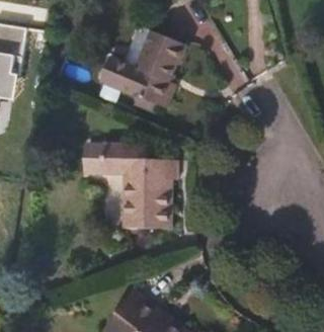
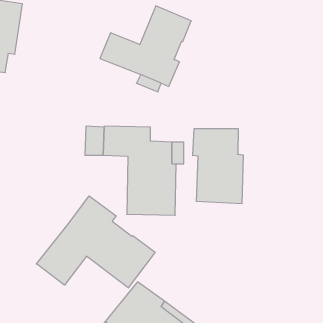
building: none -> [193,129,243,204]
building: none -> [36,196,155,288]

